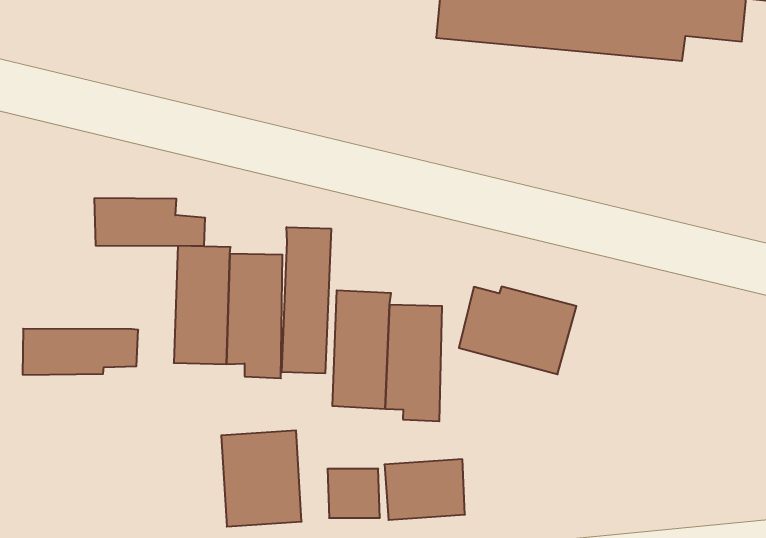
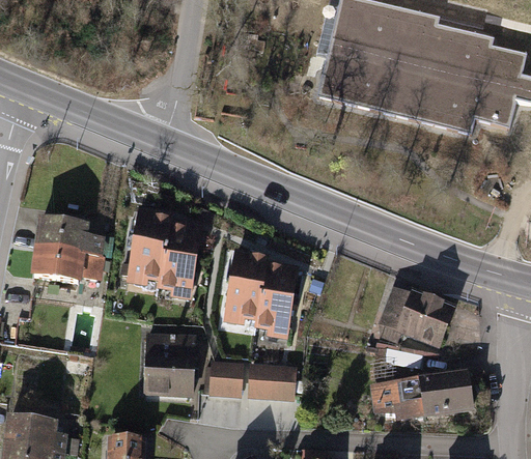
building: [94,198,205,246] -> [32,217,104,256]
building: [282,227,331,373] -> none
building: [459,287,576,374] -> [378,285,455,347]
building: none -> [370,368,474,421]

